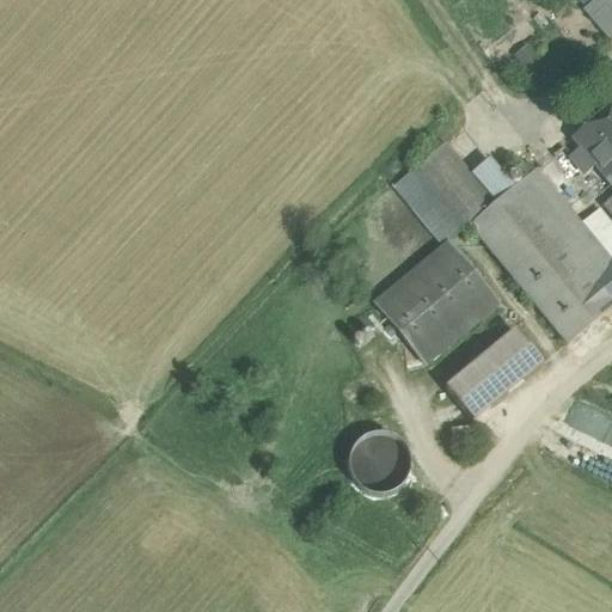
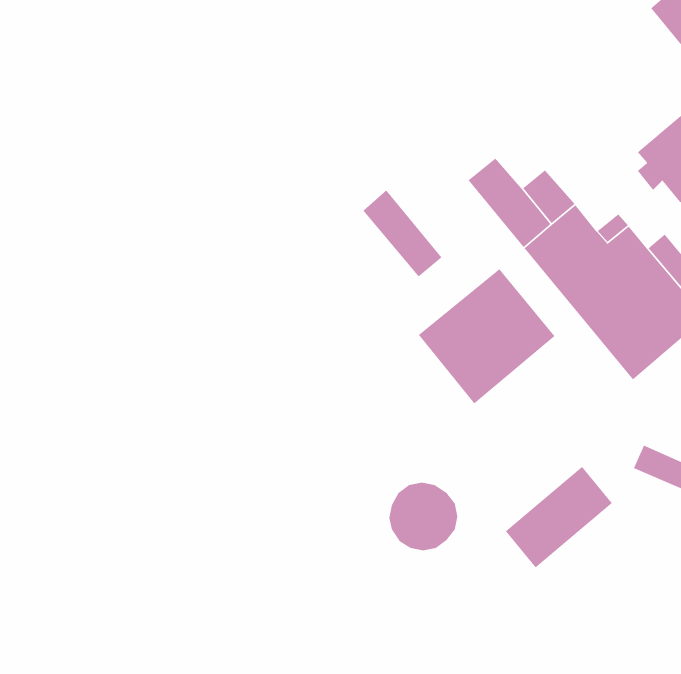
building: [398,161,470,240] -> [362,189,443,278]
building: [516,167,555,207] -> none
building: [446,328,543,420] -> [505,466,613,569]

